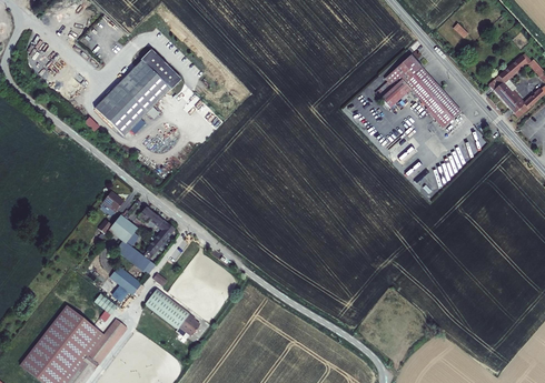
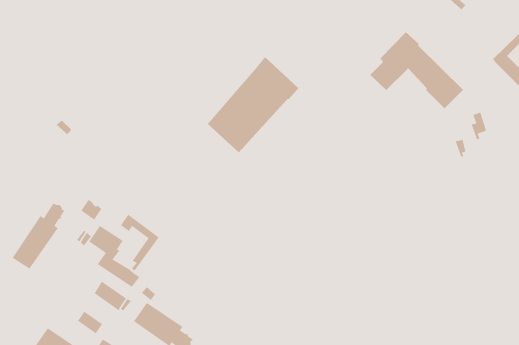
building: [97,51,184,139] -> [207,56,299,153]
building: none -> [12,203,65,270]

